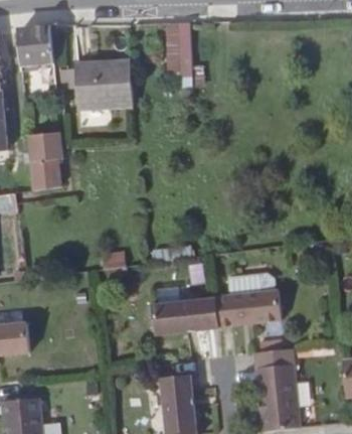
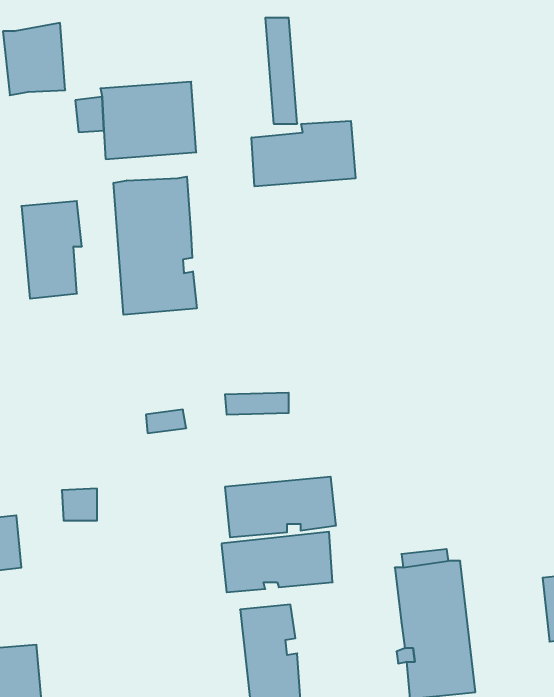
building: none -> [252,121,355,186]
building: none -> [114,177,197,315]
building: [213,289,280,325] -> [222,532,333,592]

